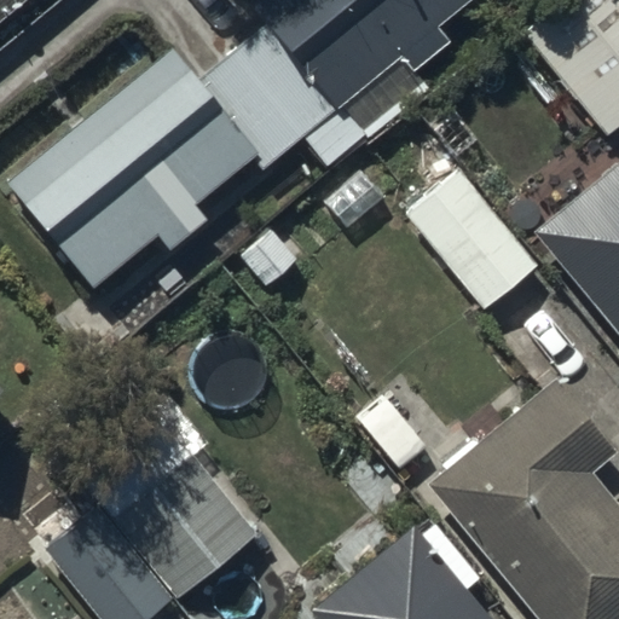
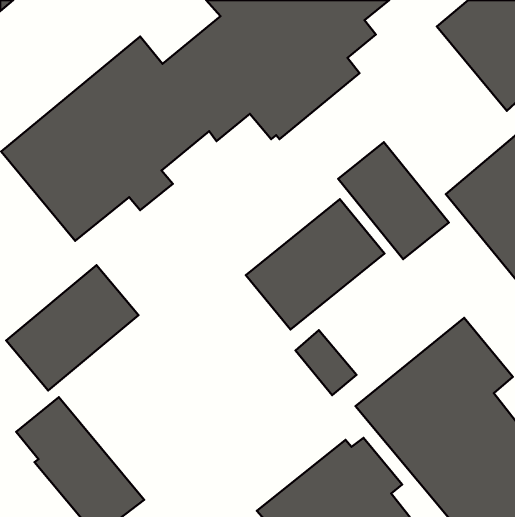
building: none -> [246,199,384,330]
building: none -> [6,265,139,390]
building: [75,445,256,600] -> none

